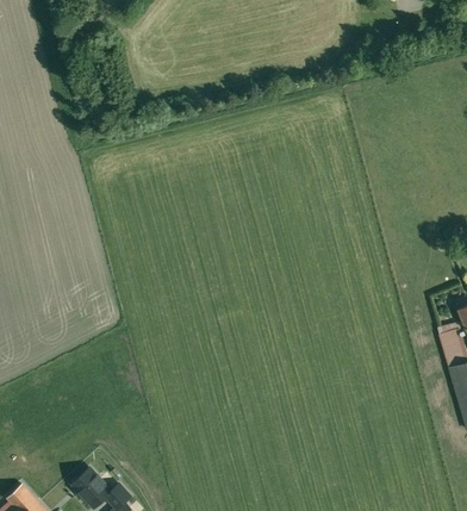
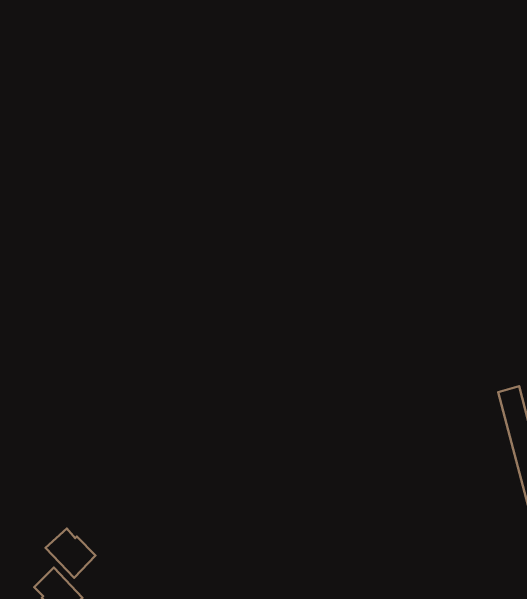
building: none -> [46,529,95,578]

